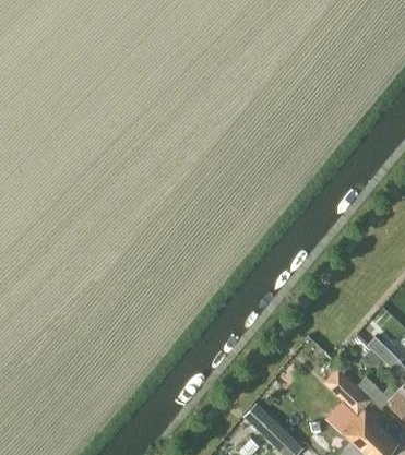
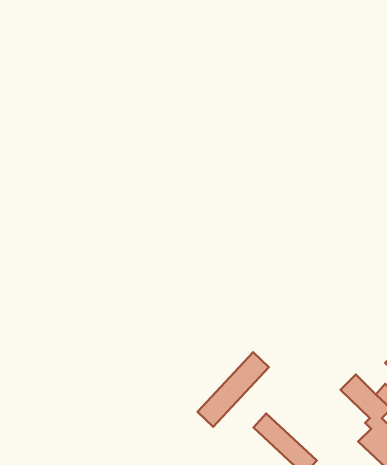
building: none -> [198,352,269,427]

